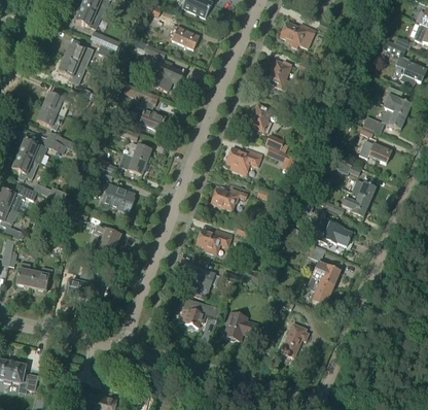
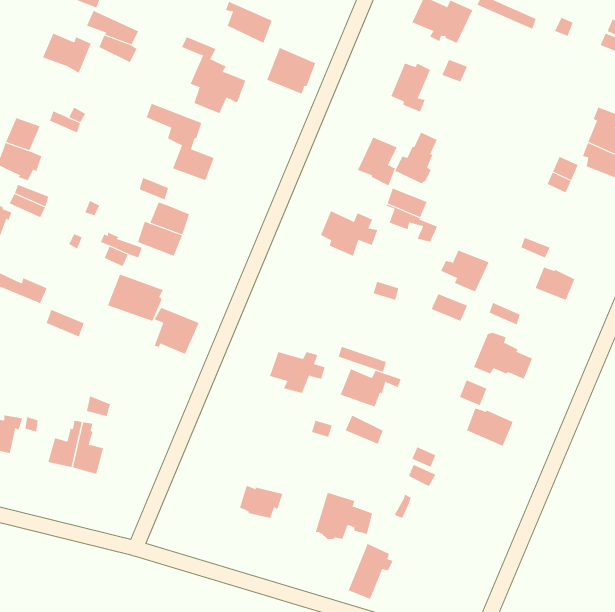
building: none -> [267,47,316,95]
building: [58,57,85,83] -> none
building: none -> [395,132,437,184]
building: [359,139,391,163] -> none
building: [211,186,247,209] -> [340,369,402,407]
building: [342,192,370,216] -> [440,250,489,292]
building: [94,225,120,252] -> [154,307,200,355]
building: [183,264,214,293] -> none
building: [307,275,333,305] -> none
building: [281,322,308,355] -> [348,543,393,599]

